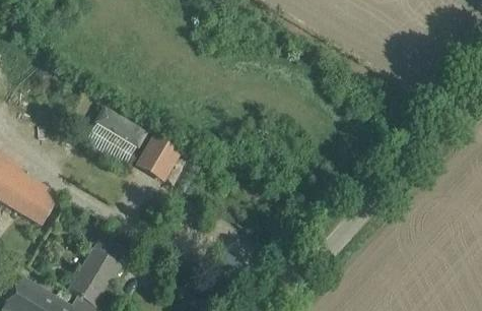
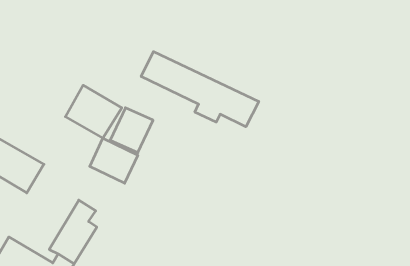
building: none -> [141,52,259,127]
building: none -> [90,138,138,183]

